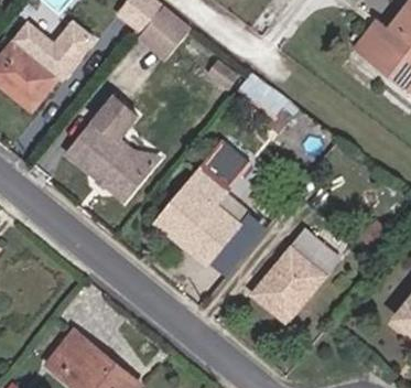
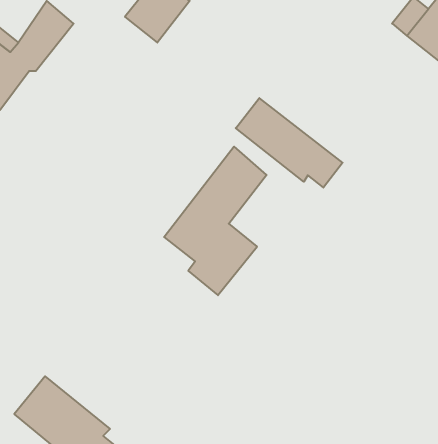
building: [67,97,148,197] -> none
building: none -> [236,98,343,188]
building: [257,231,336,320] -> none

